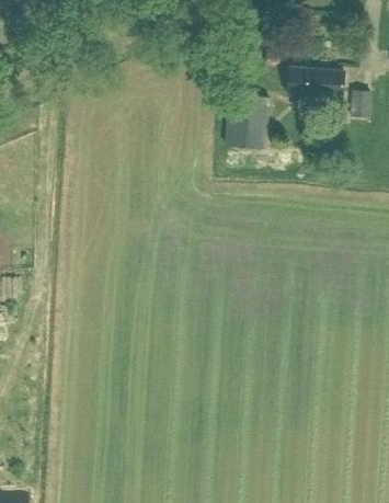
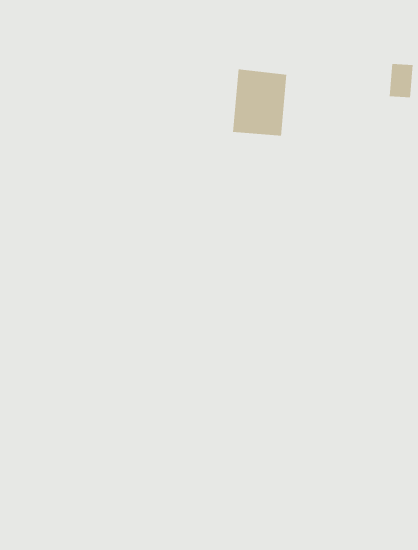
building: [283,66,340,102] -> none

